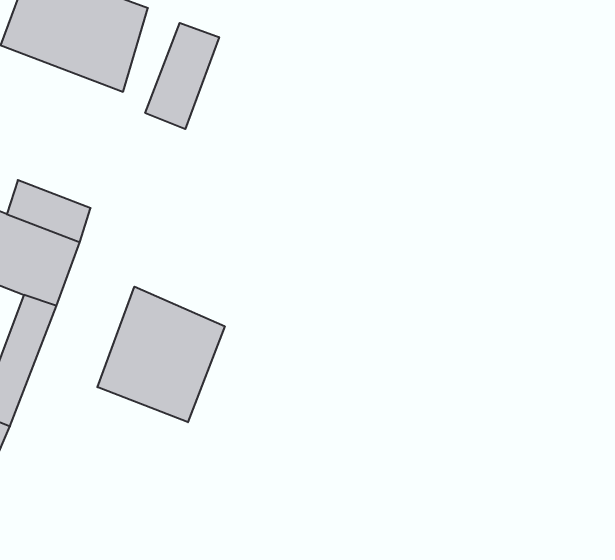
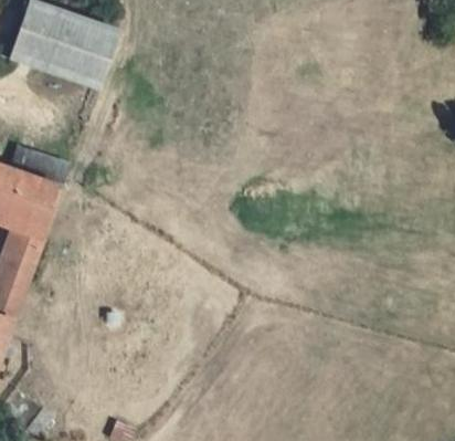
building: [145,23,219,129] -> none
building: [97,287,225,422] -> none

